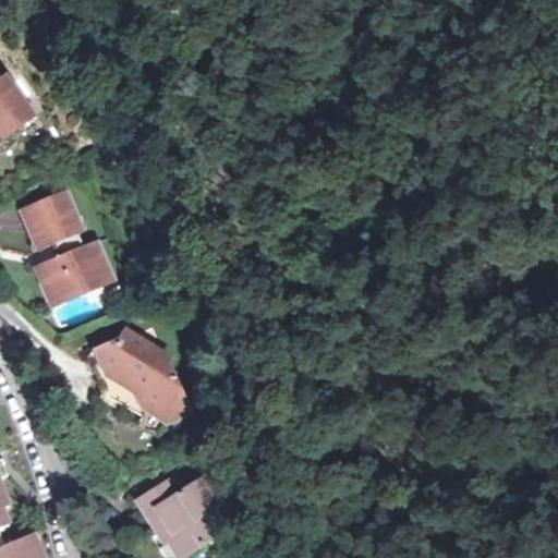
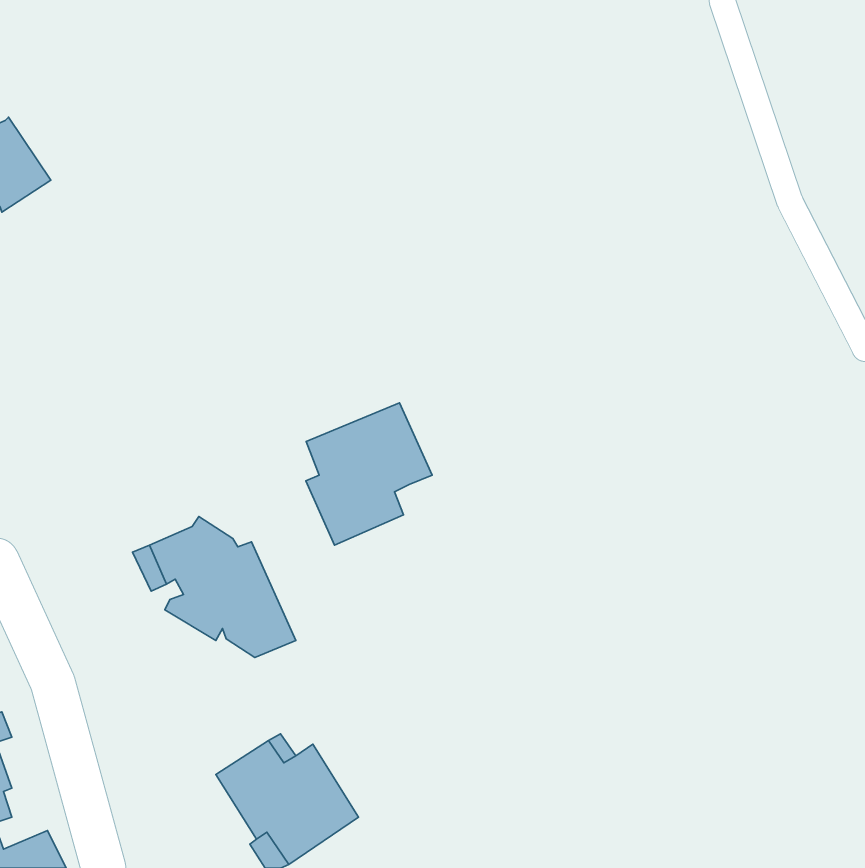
building: [27,194,107,302] -> none
building: none -> [306,403,432,545]

